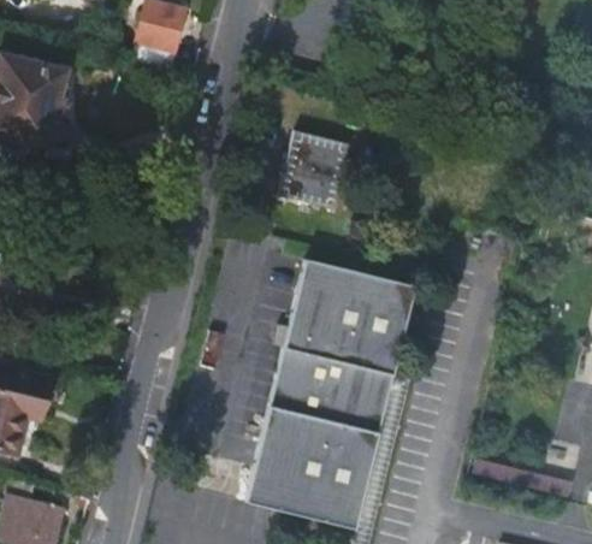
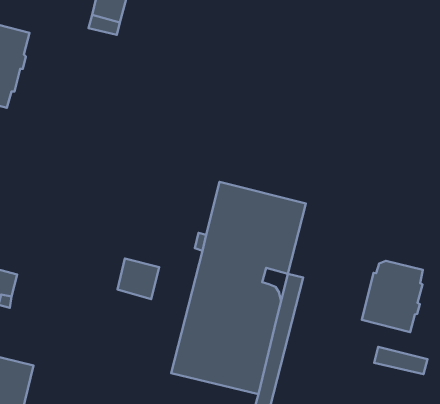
building: [279,128,351,205] -> none
building: none -> [117,258,159,299]
building: none -> [362,261,423,332]

